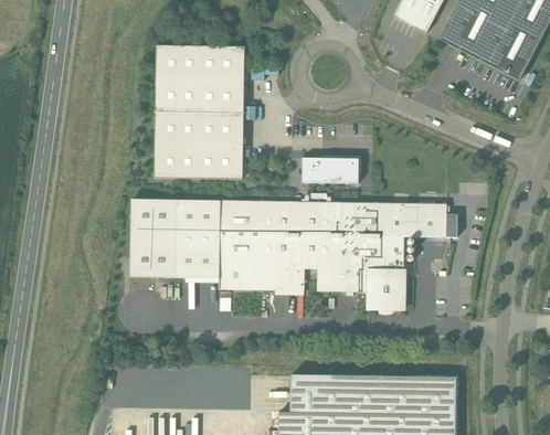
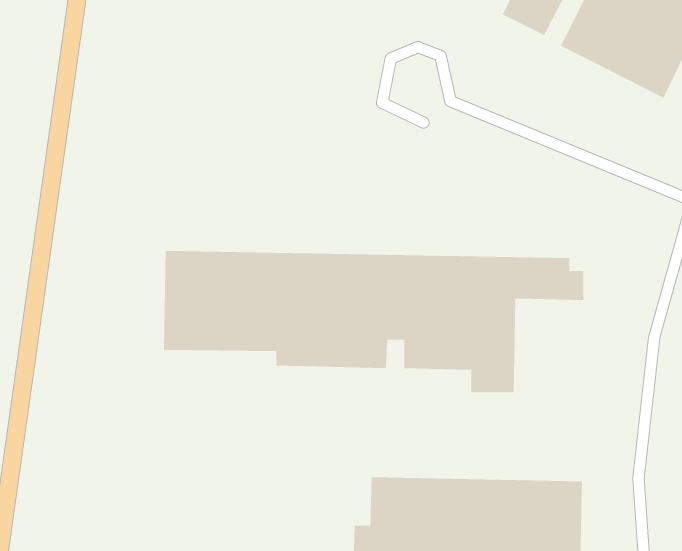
building: [155,45,245,179] -> none
building: [302,156,361,183] -> none

